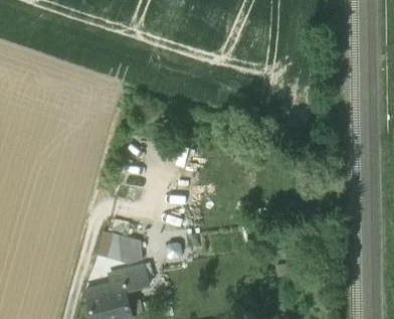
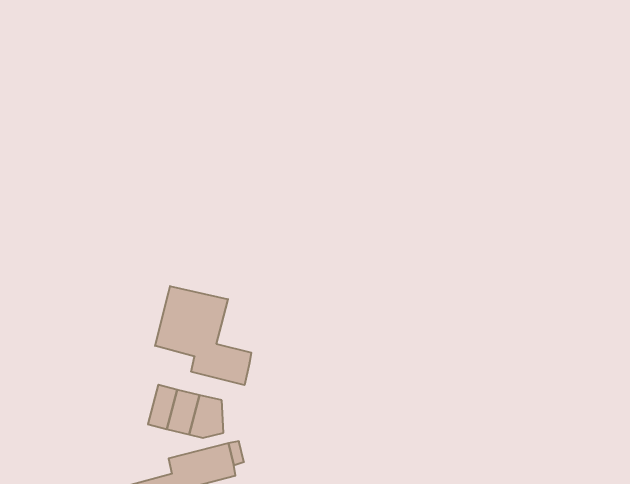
building: none -> [155,286,251,385]

